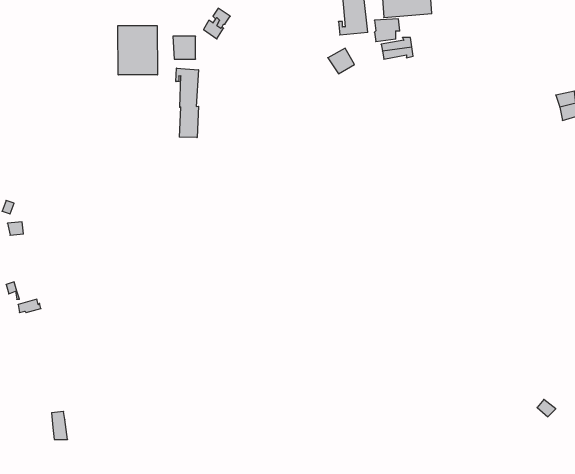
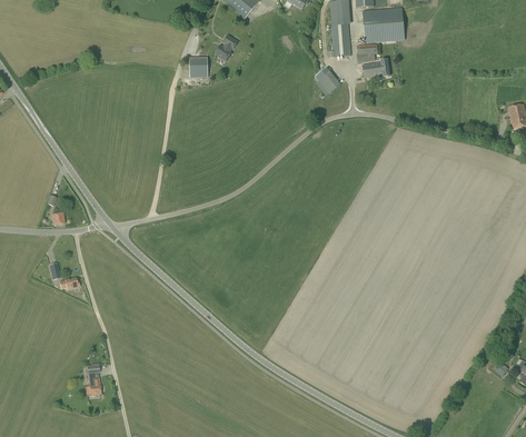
building: [118,26,157,75] -> none
building: [176,68,198,138] -> none

